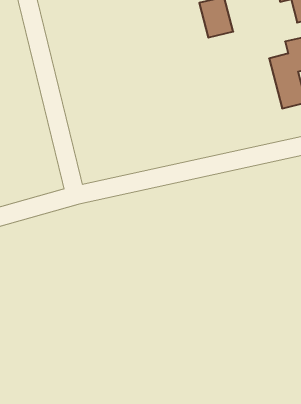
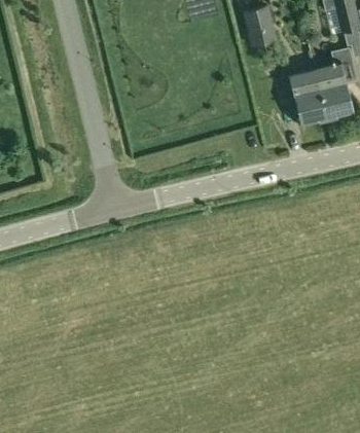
building: none -> [290,69,327,127]

